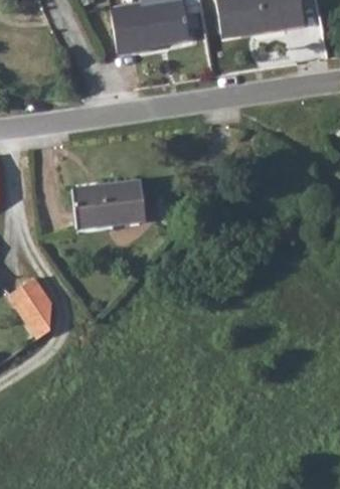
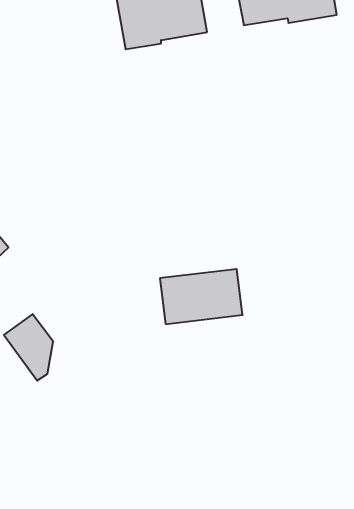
building: [71,182,144,230] -> [160,269,243,324]

